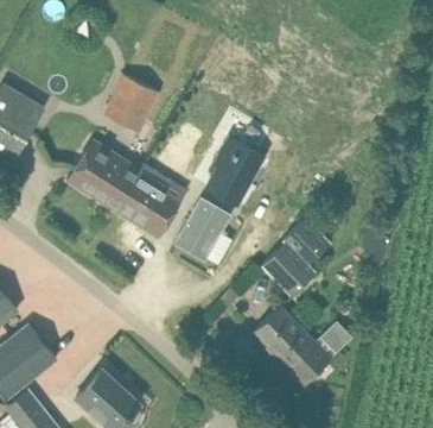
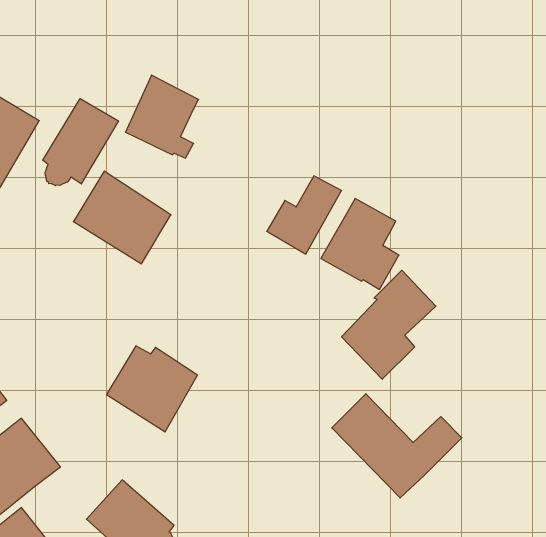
building: none -> [43,99,118,186]
building: [116,175,183,238] -> [107,346,198,432]
building: [176,197,233,264] -> [321,198,399,289]

